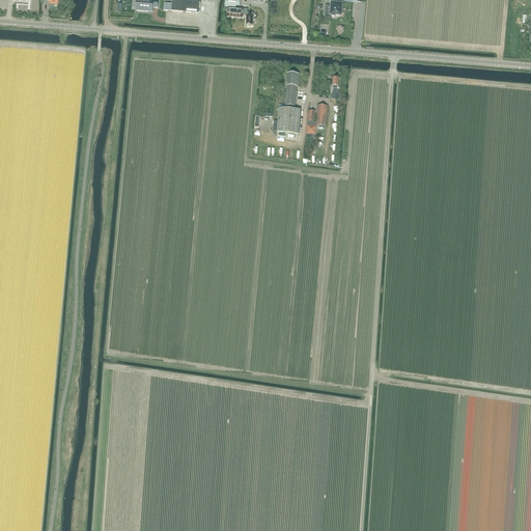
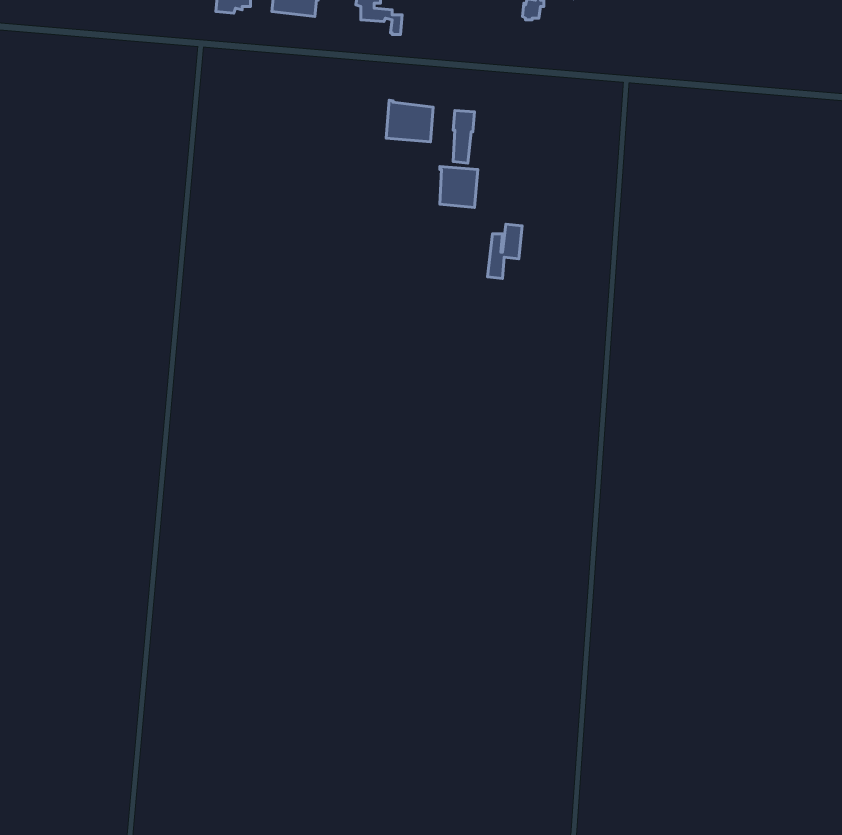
building: none -> [386,100,433,142]
building: [306,101,328,135] -> [488,224,522,278]

